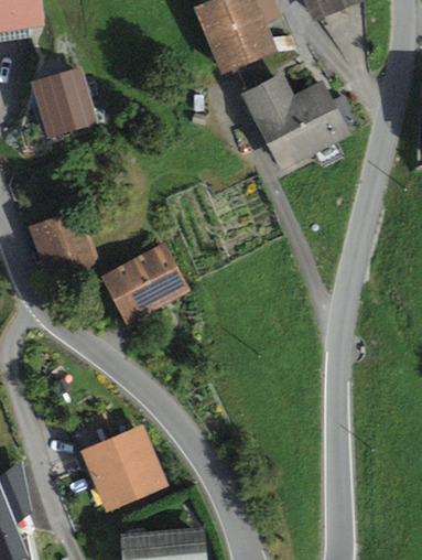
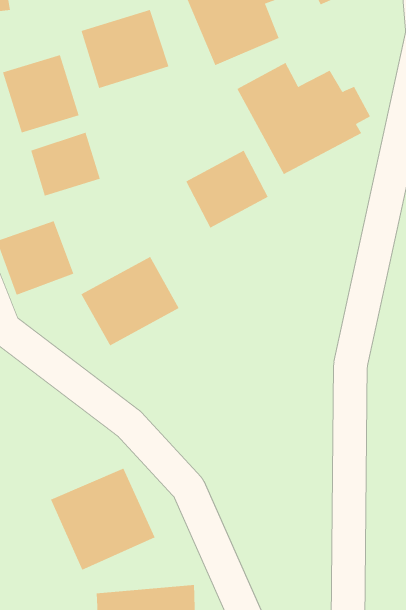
building: none -> [81,9,169,89]
building: none -> [31,132,101,197]
building: none -> [185,150,269,229]

